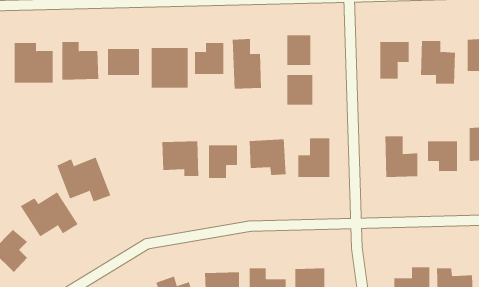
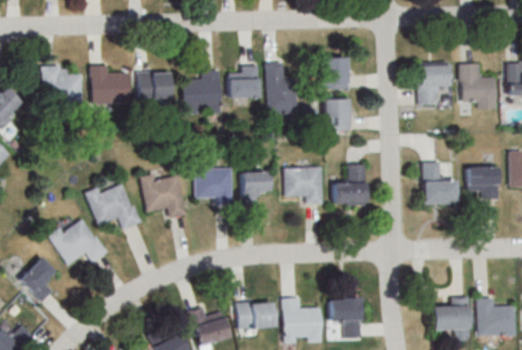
building: none -> [139,174,186,216]

